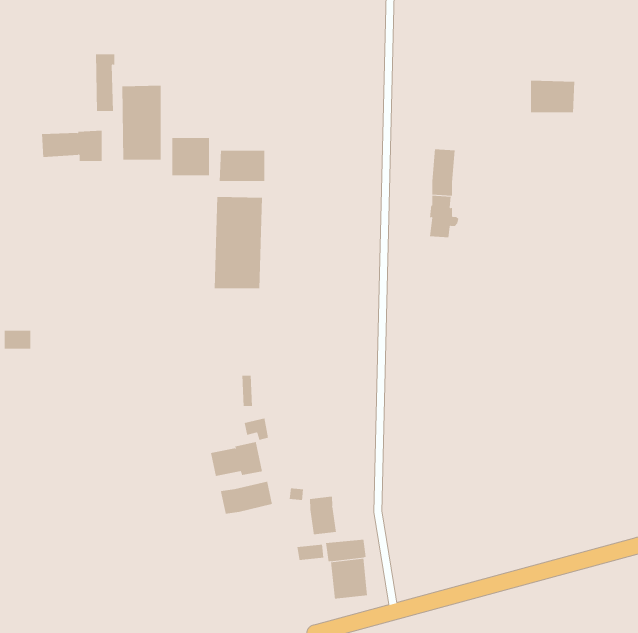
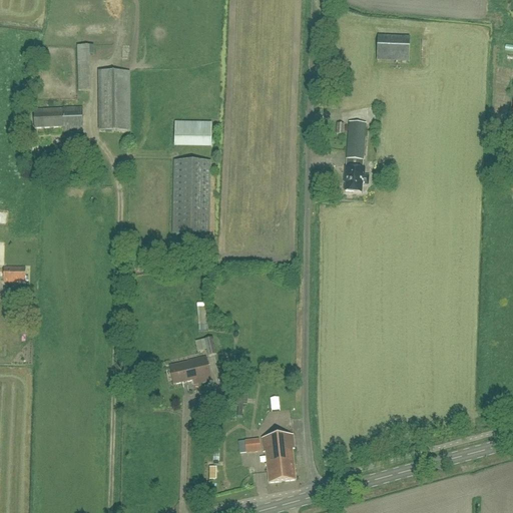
building: [530,80,575,113] -> [370,32,406,58]
building: [172,137,209,176] -> none
building: [220,481,273,514] -> none
building: [309,496,336,535] -> none

